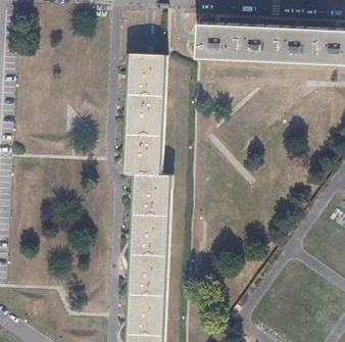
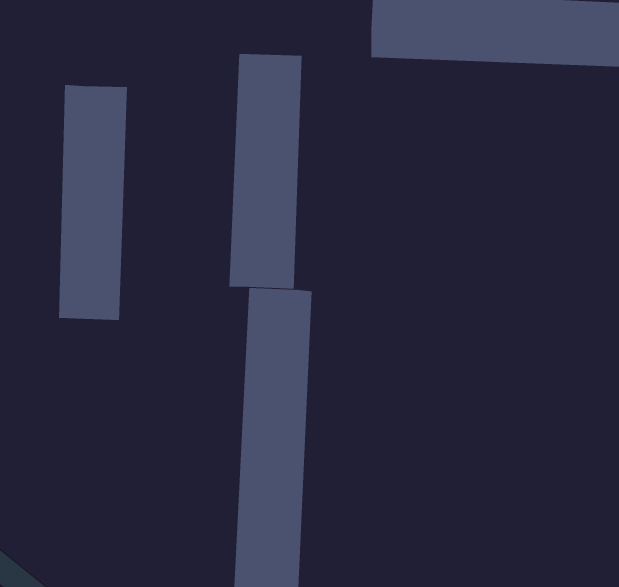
building: none -> [58,84,128,321]

